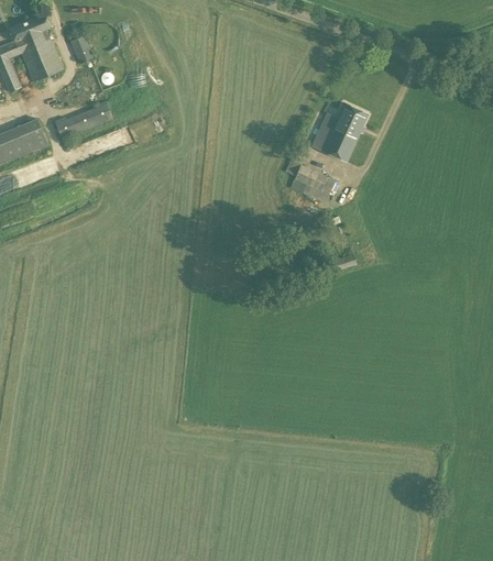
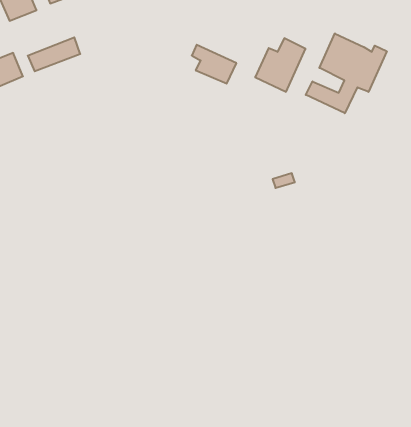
building: none -> [306,33,387,113]
building: [284,158,335,202] -> [192,45,236,84]

